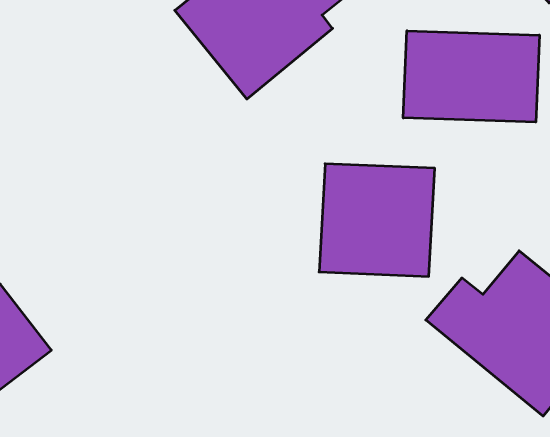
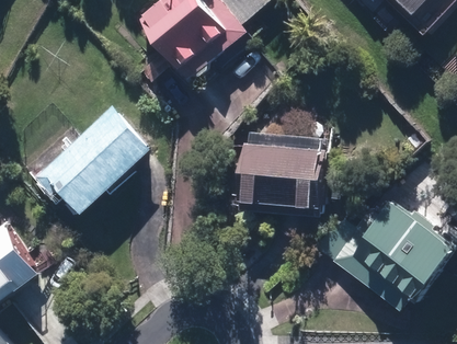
building: [403,31,539,122] -> none
building: none -> [43,107,152,216]

